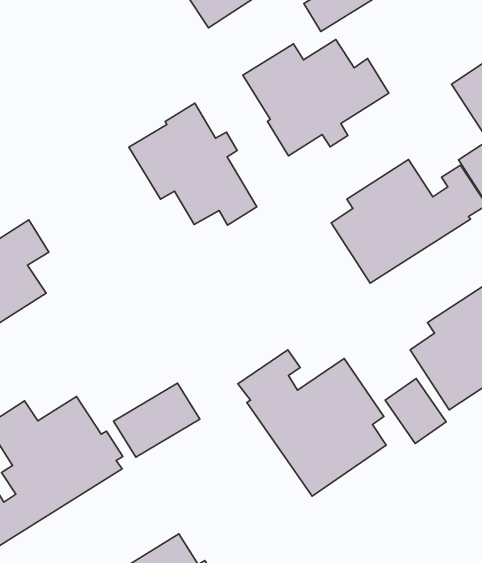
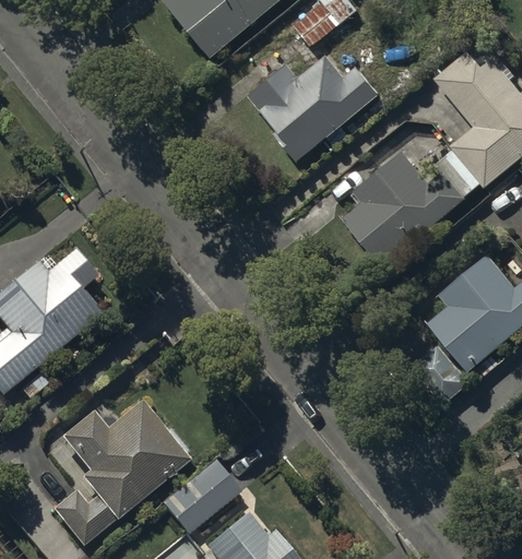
building: [129,103,257,225] -> none
building: [238,350,386,496] -> none
building: [114,383,200,457] -> [163,463,239,534]

